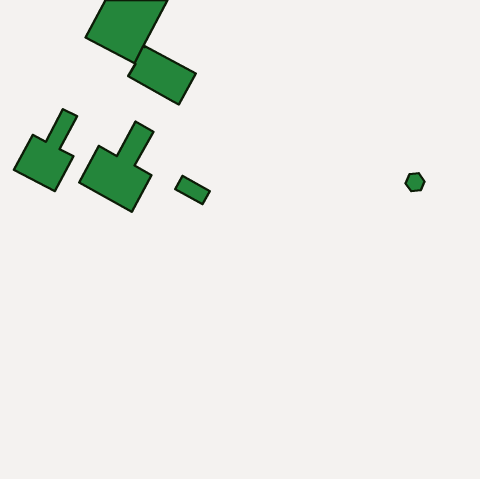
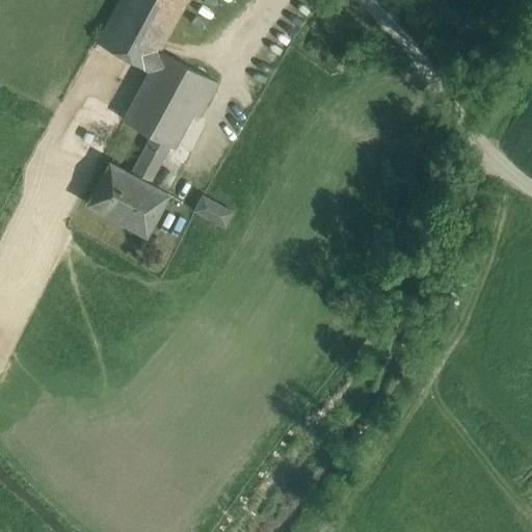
building: none -> [123,86,191,149]
building: [14,109,77,191] -> none

